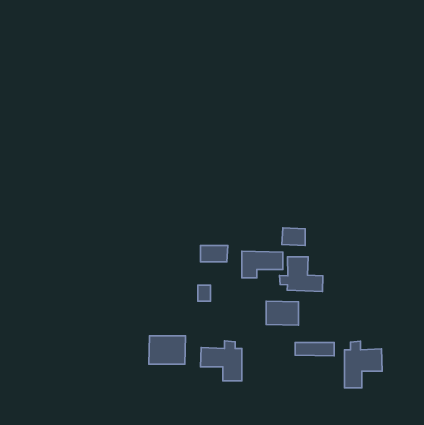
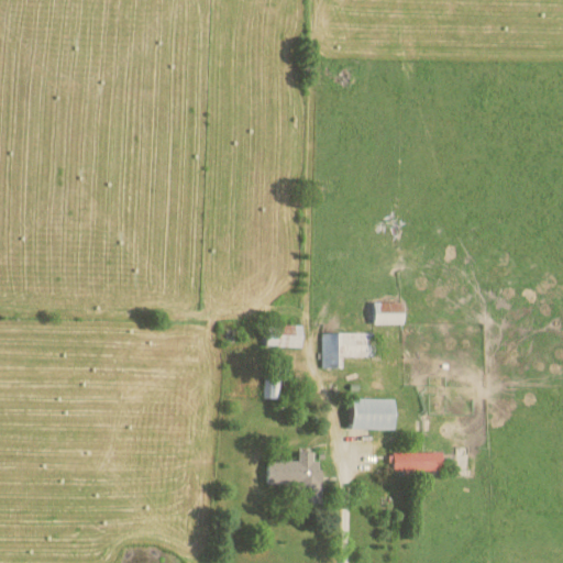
building: [280,257,323,291] -> none
building: [149,336,185,364] -> none
building: [345,341,382,388] -> none

